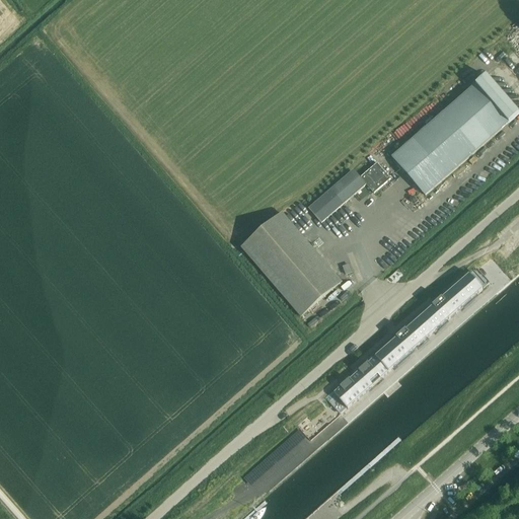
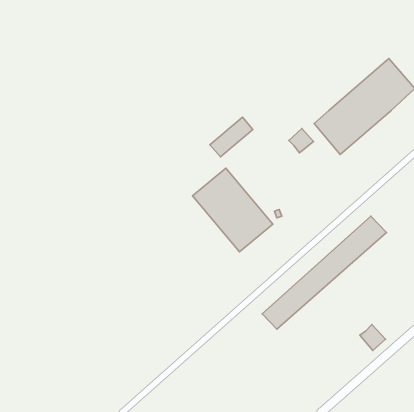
building: [309,170,363,220] -> [210,117,253,157]
building: none -> [360,324,386,350]

